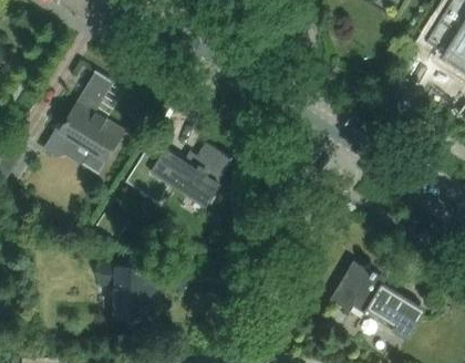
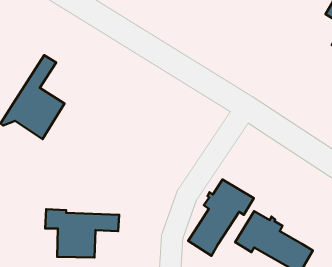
building: [124,143,233,209] -> none
building: none -> [188,179,254,256]

